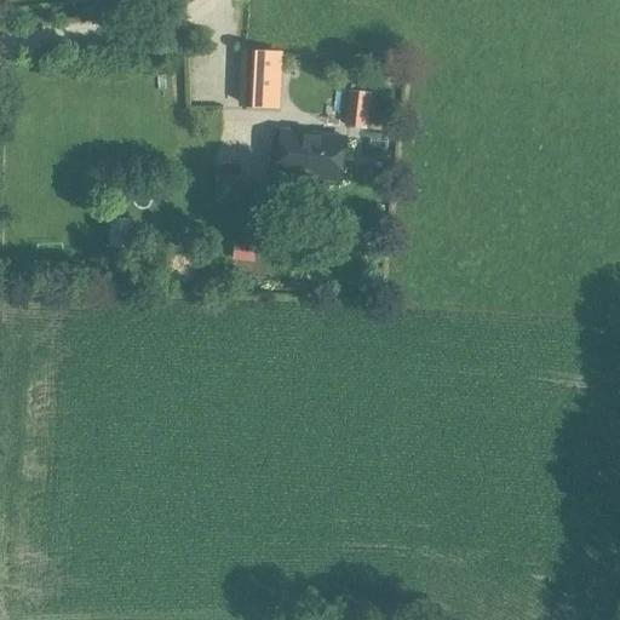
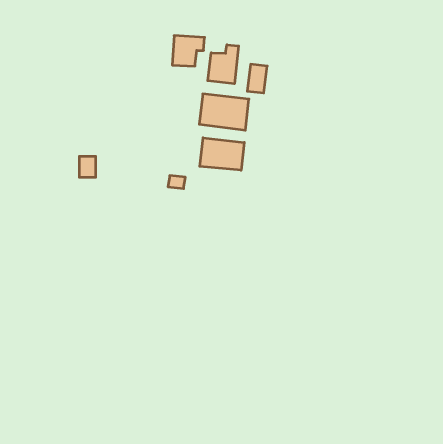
building: none -> [208,45,239,84]
building: none -> [200,138,244,170]

